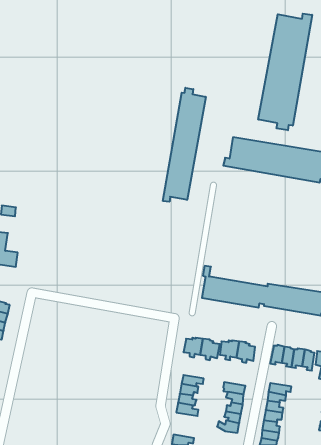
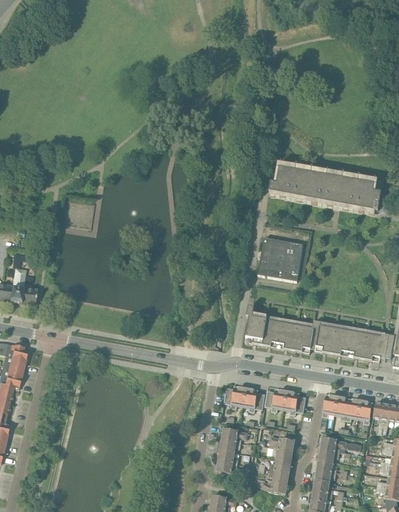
building: [258,14,312,130] -> none
building: [163,88,206,202] -> none
building: none -> [258,237,303,280]

